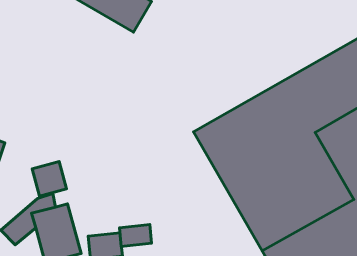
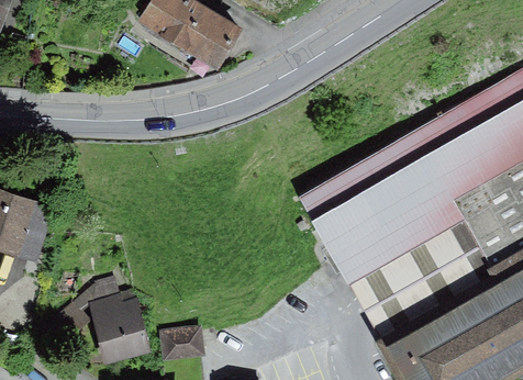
building: [32,161,67,196] -> none
building: [119,225,152,246] -> none

